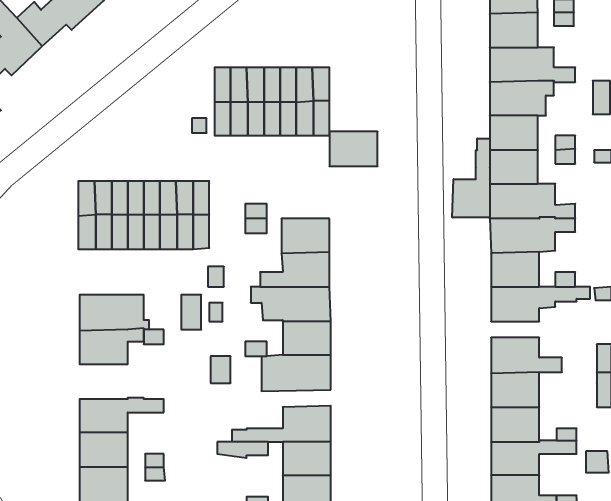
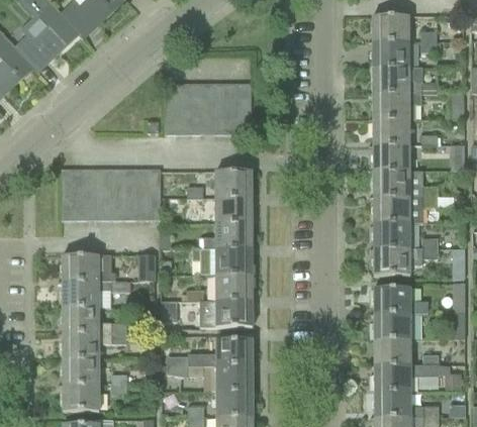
building: [329,132,378,166] -> [215,171,252,197]
building: [452,138,490,218] -> none
building: none -> [63,307,126,333]

